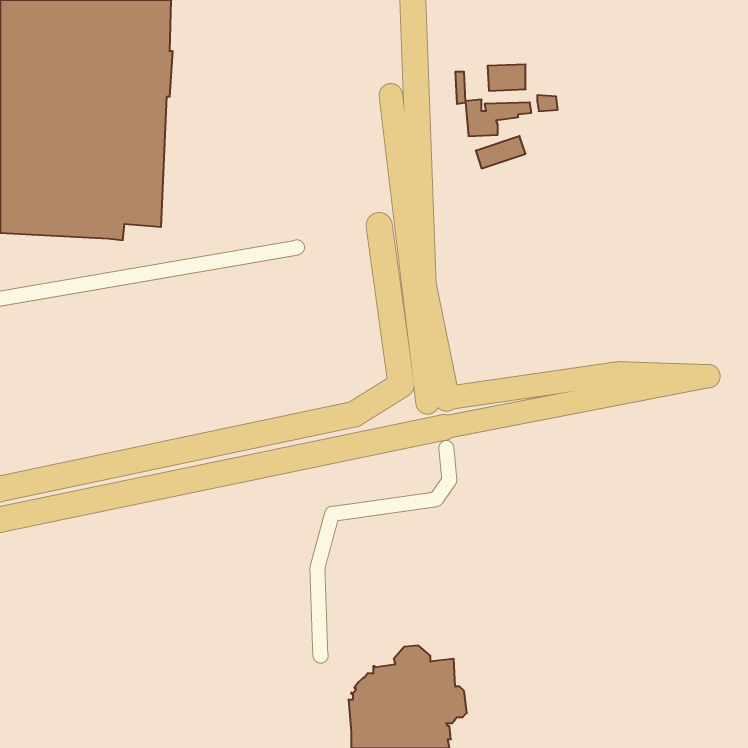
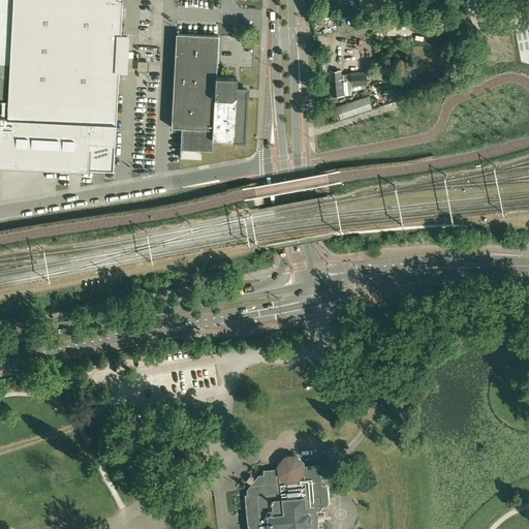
building: none -> [170,33,248,159]

